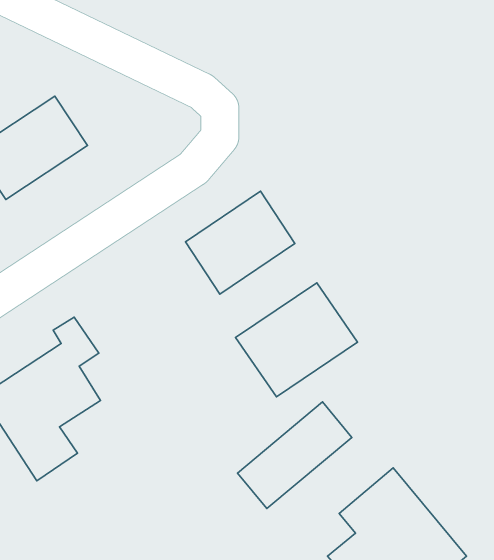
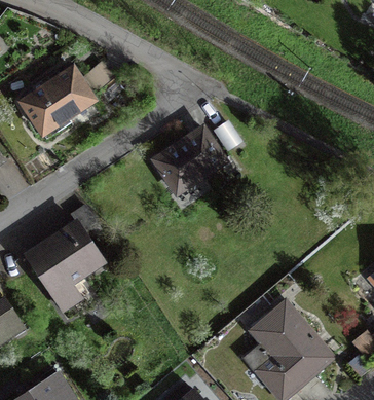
building: [236,283,358,397] -> none
building: [237,402,352,509] -> none

